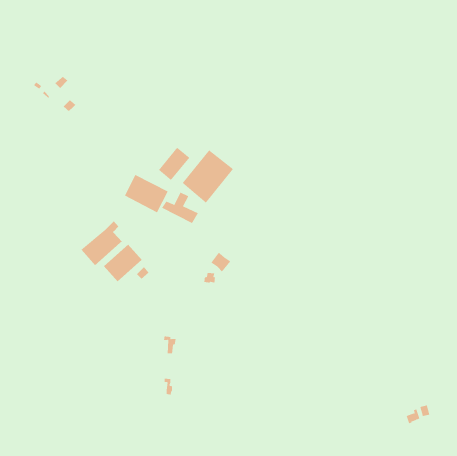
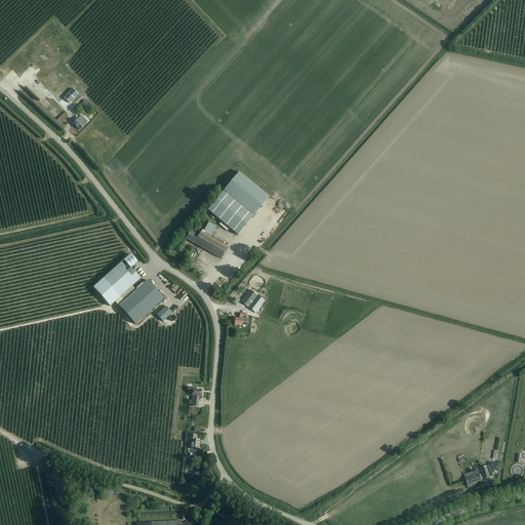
building: [158,147,190,181] -> none
building: [124,174,168,213] -> none

